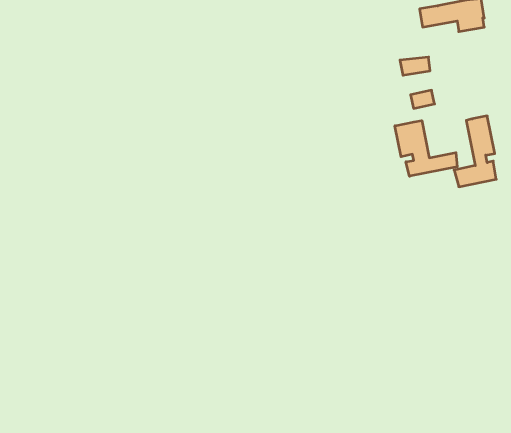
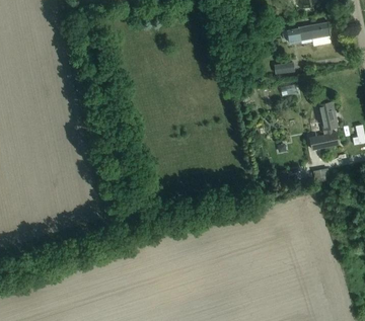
building: [395,121,457,176] -> none

